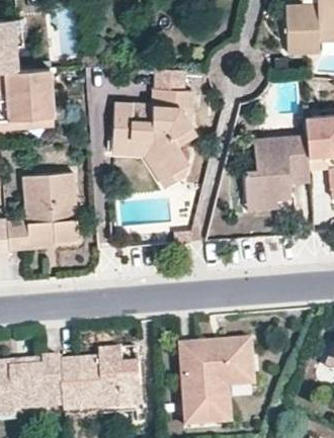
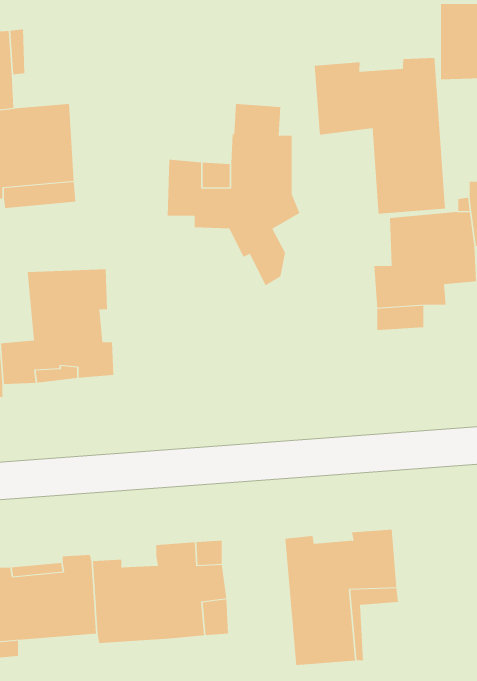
building: none -> [314,57,445,215]
building: [109,139,173,189] -> none

